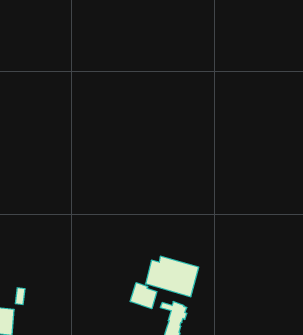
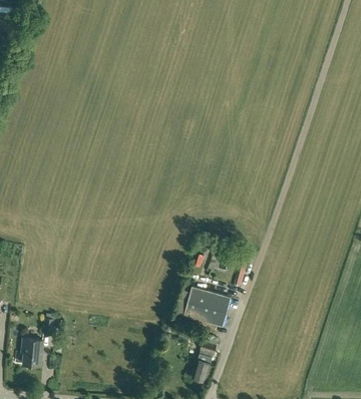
building: [130,283,157,309] -> none

